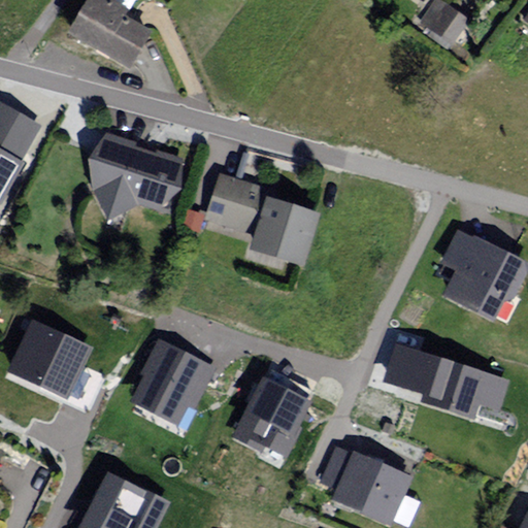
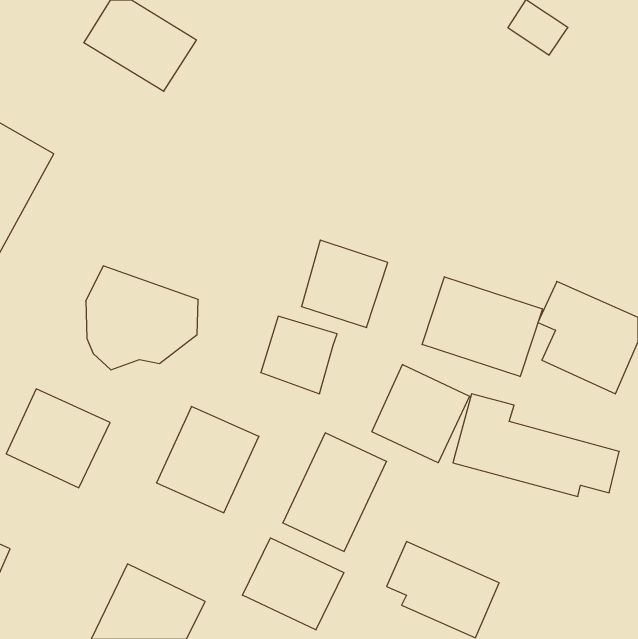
building: [92,133,185,219] -> [86,266,198,370]
building: [204,174,267,238] -> [261,316,337,394]
building: none -> [422,277,542,377]
building: none -> [372,364,470,463]
building: none -> [242,538,344,630]

